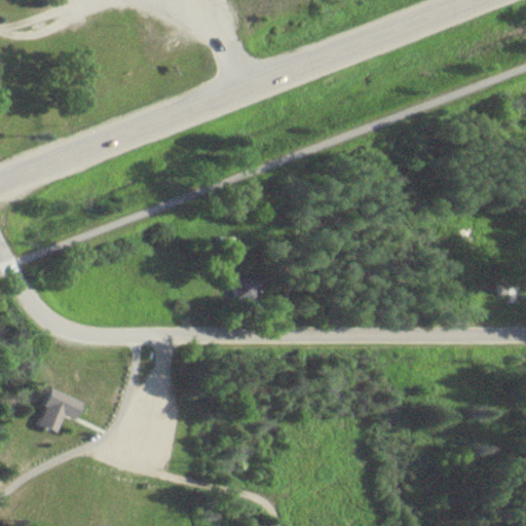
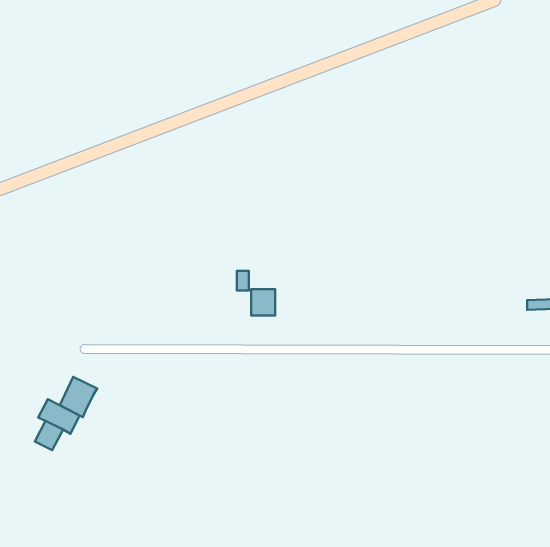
building: none -> [60,377,97,417]

